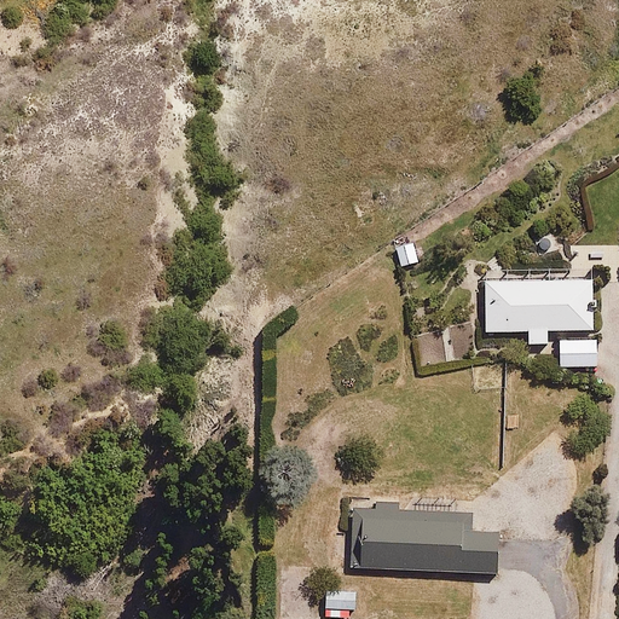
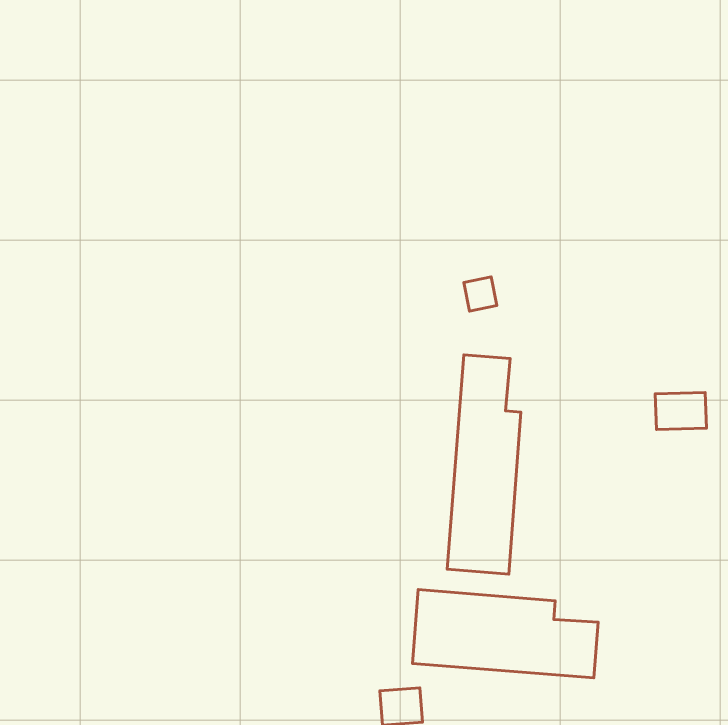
building: [484,277,592,343] -> none
building: none -> [447,355,521,574]

